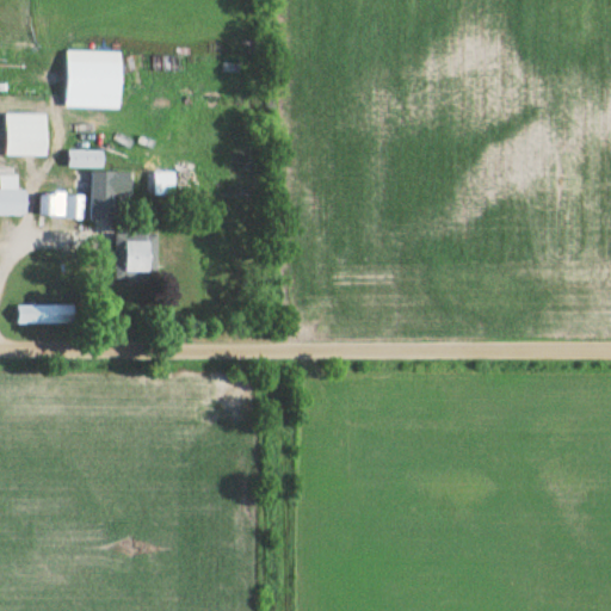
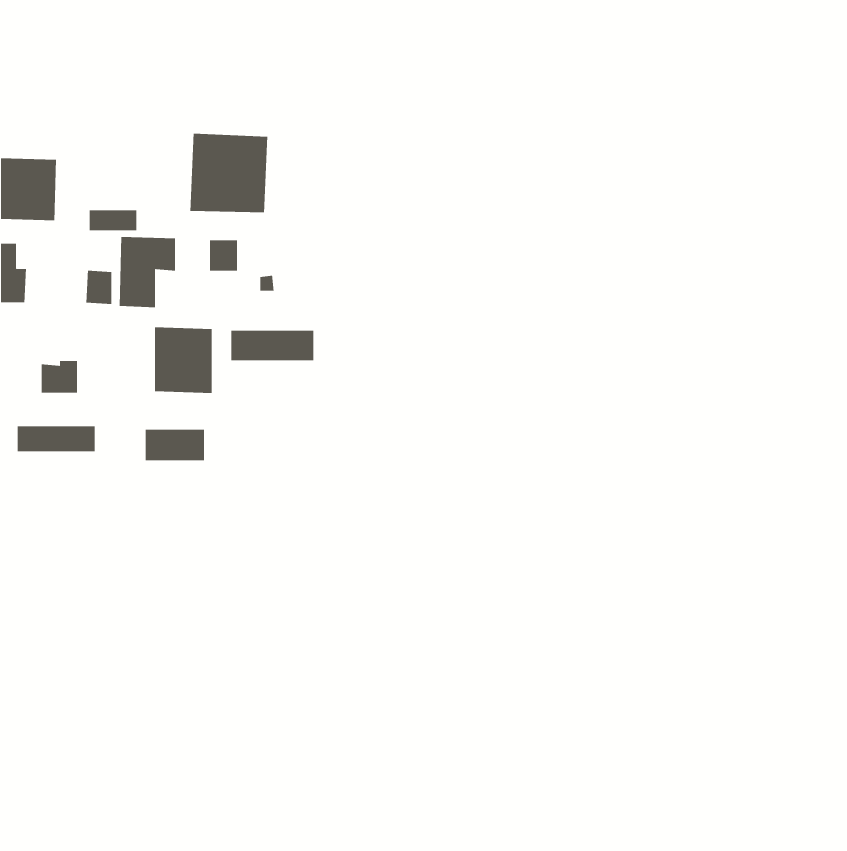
building: [66,49,122,106] -> [189,133,268,213]
building: [41,190,67,214] -> [41,360,78,394]
building: none -> [231,330,314,361]
building: none -> [145,429,205,461]

